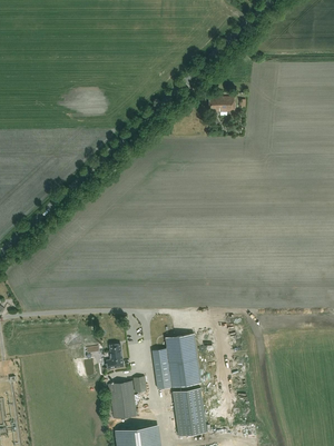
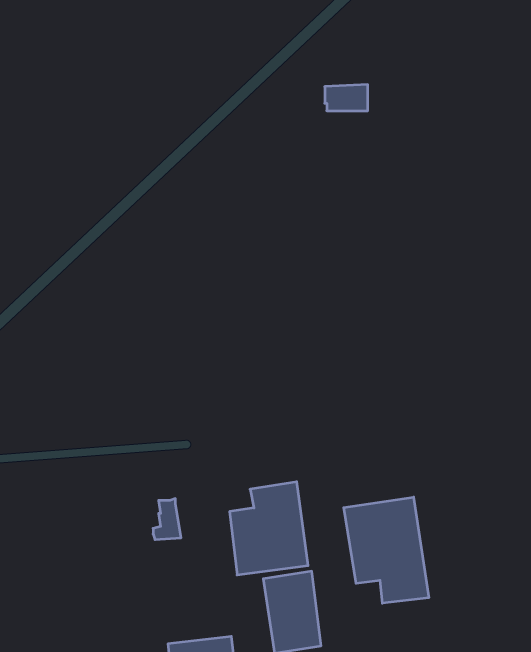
building: none -> [344,497,429,603]
building: [109,377,147,419] -> none

